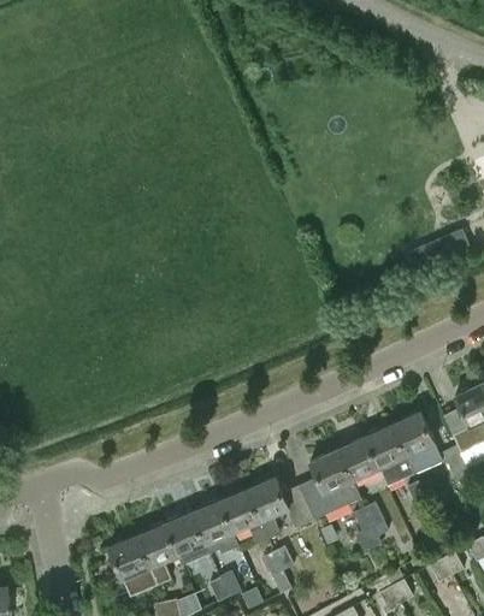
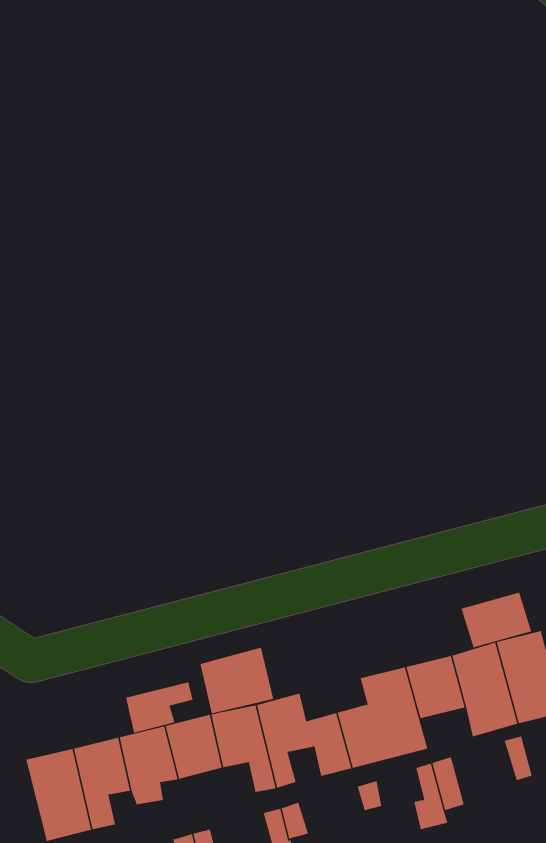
building: none -> [461,592,532,648]
building: none -> [200,647,274,714]
building: none -> [125,682,193,733]

